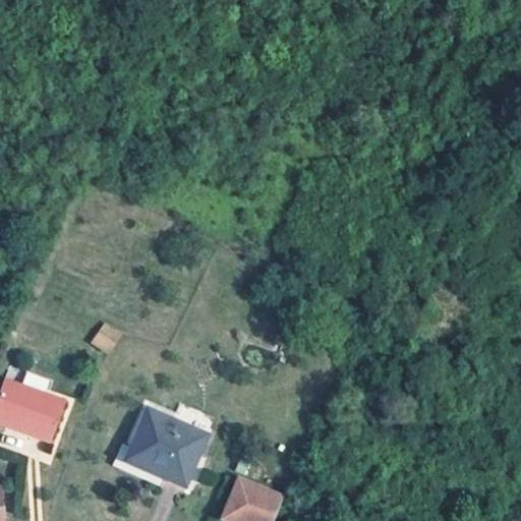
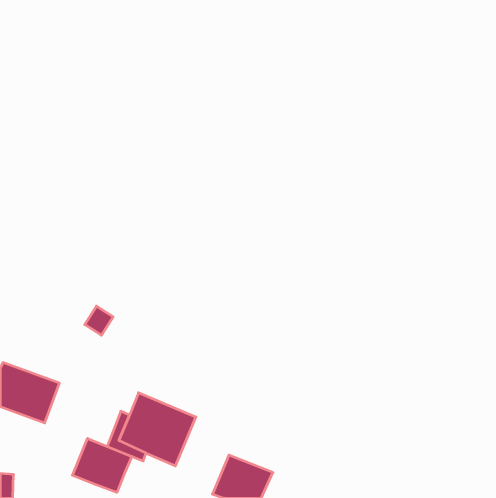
building: none -> [72,438,132,492]

